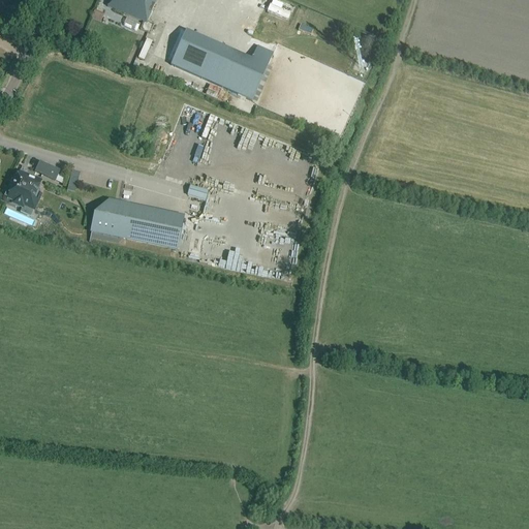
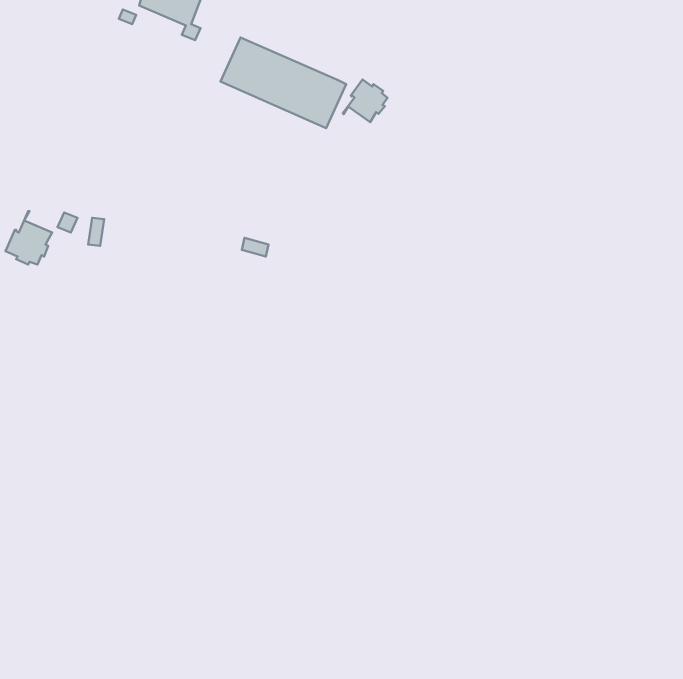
building: none -> [343,80,388,122]
building: [88,199,182,247] -> none

